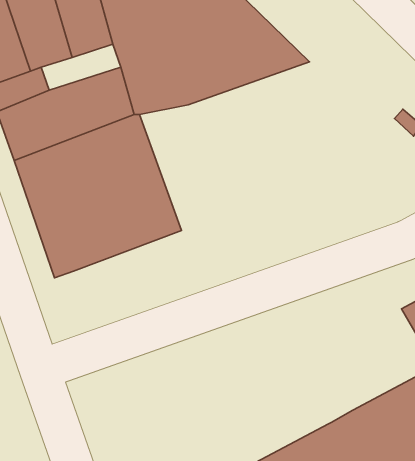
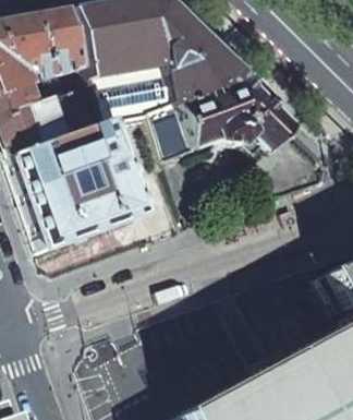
building: none -> [154,79,302,161]

